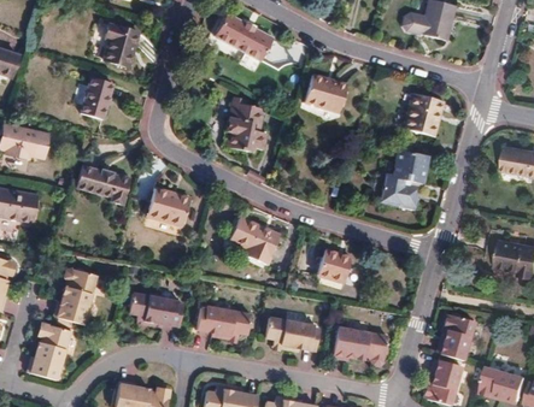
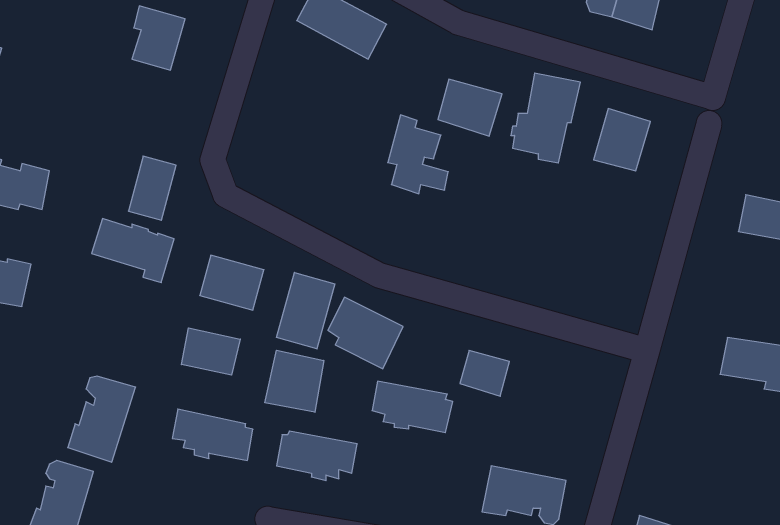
building: [81,77,112,119] -> [128,156,176,220]
building: [223,98,263,149] -> [388,115,448,194]
building: [381,151,427,210] -> [511,73,580,163]
building: none -> [277,272,335,349]
building: none -> [181,328,240,375]
building: none -> [265,350,324,412]
building: [438,315,471,360] -> none
building: [266,317,319,350] -> [372,381,453,433]

